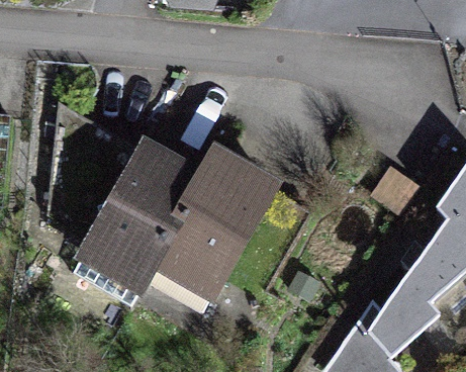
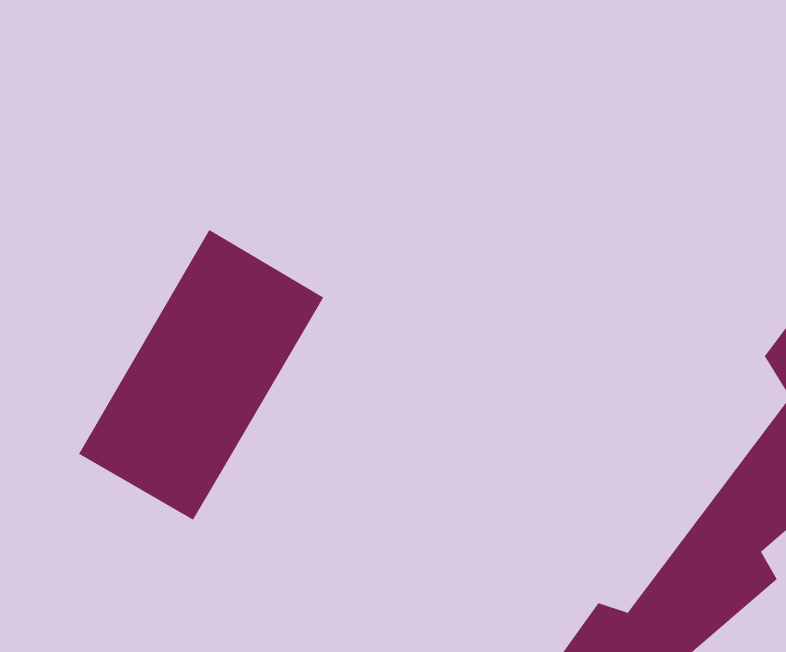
building: [153,147,281,298] -> none

